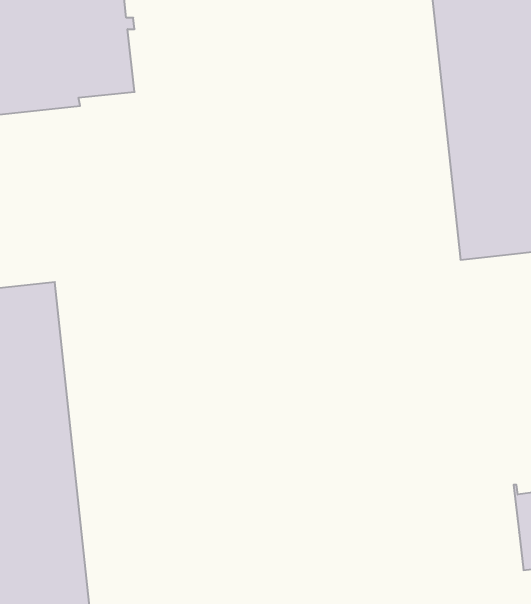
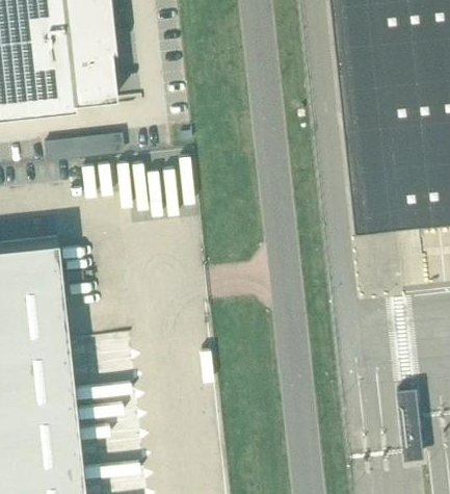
building: none -> [47,136,124,155]

